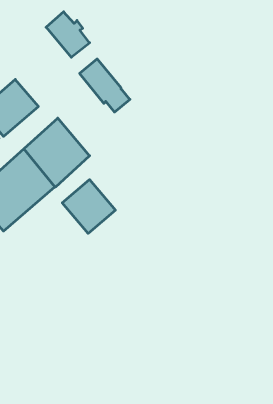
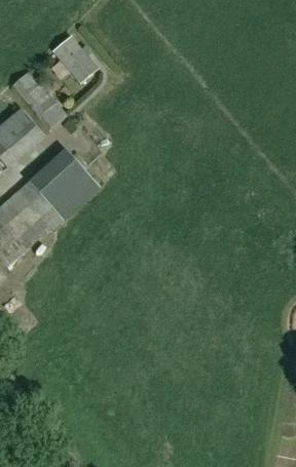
building: [80,59,130,112] -> [11,71,65,127]
building: [62,180,115,233] -> none

